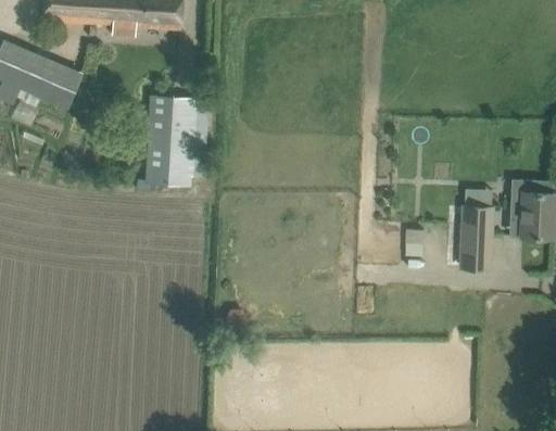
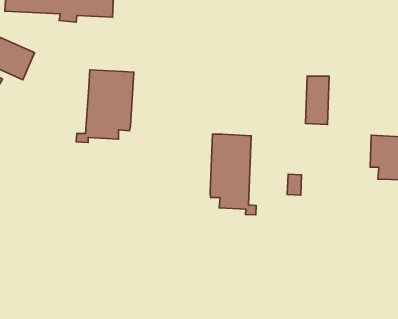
building: none -> [210,134,256,215]
building: [460,206,491,268] -> [305,76,329,124]

